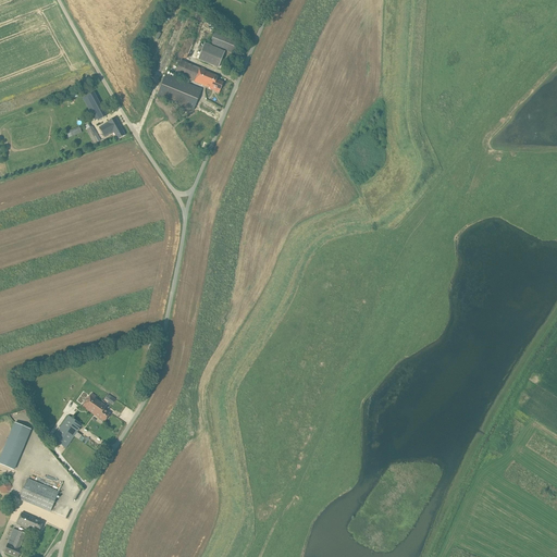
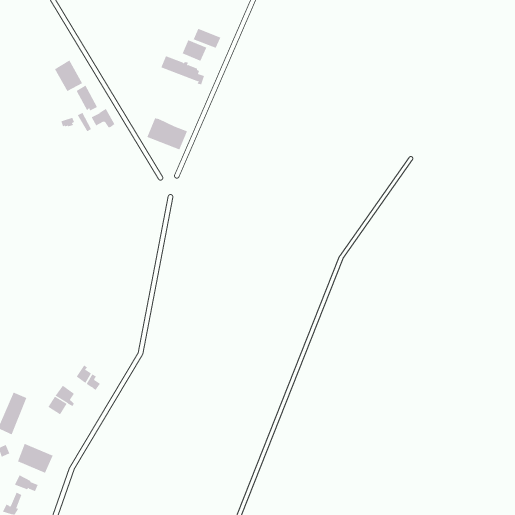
building: none -> [54,60,83,92]
building: [156,74,200,109] -> [146,118,188,150]

